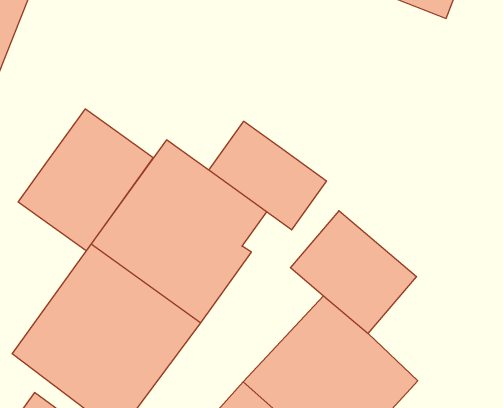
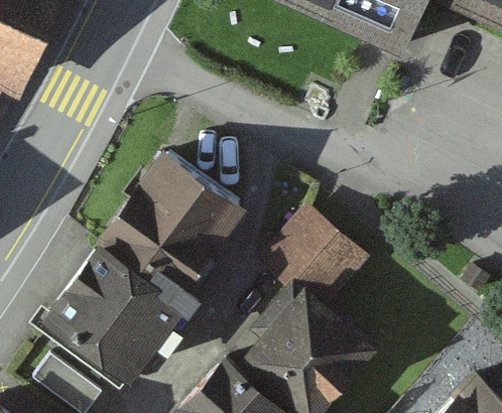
building: [18,109,153,251] -> none
building: [209,121,326,230] -> none

